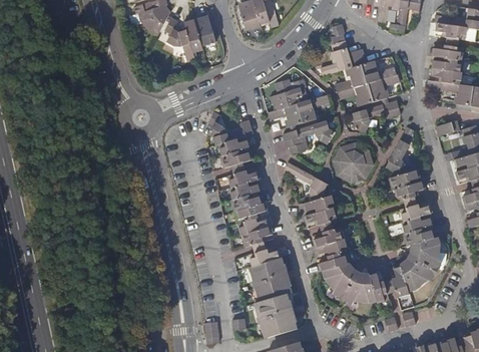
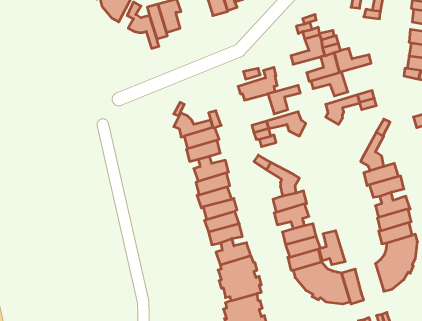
building: [368,75,400,102] -> none
building: [268,104,304,126] -> none
building: [334,144,372,186] -> none
building: [384,266,409,298] -> [319,231,345,265]

